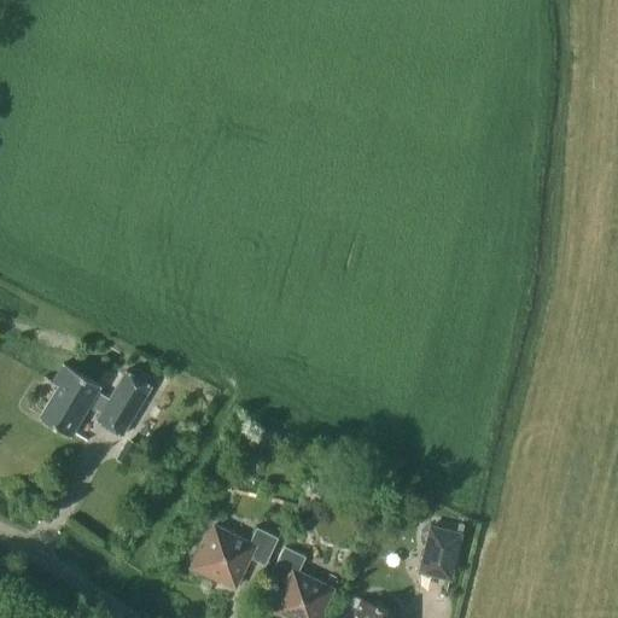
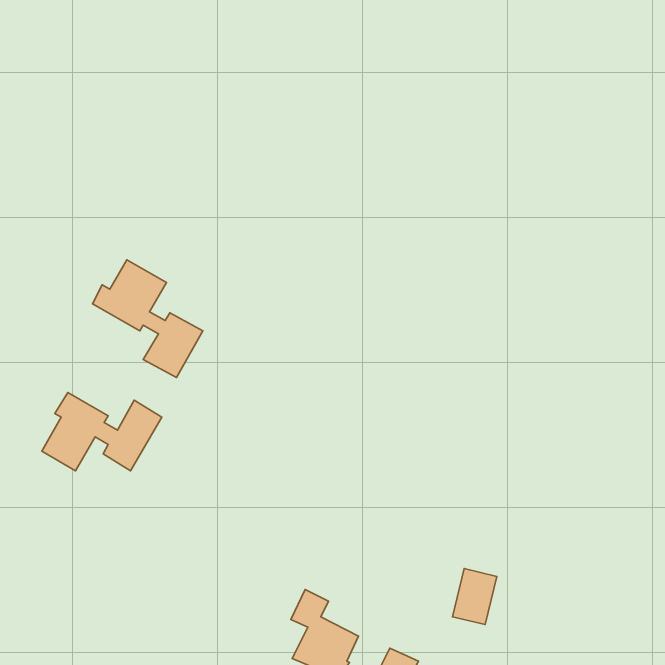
building: none -> [92,260,203,378]
building: [191,526,279,588] -> none

